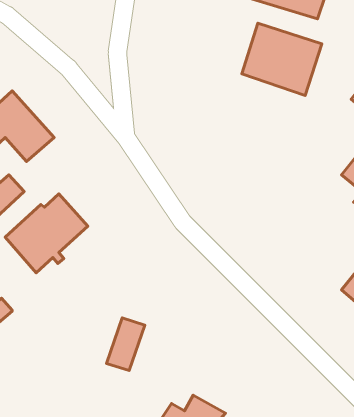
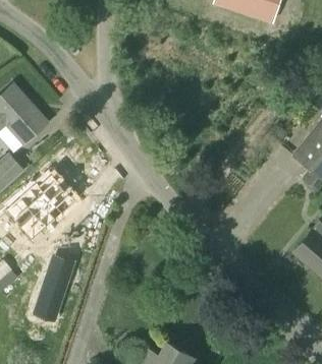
building: [242,23,322,95] -> none
building: [107,318,145,371] -> [40,260,72,305]

